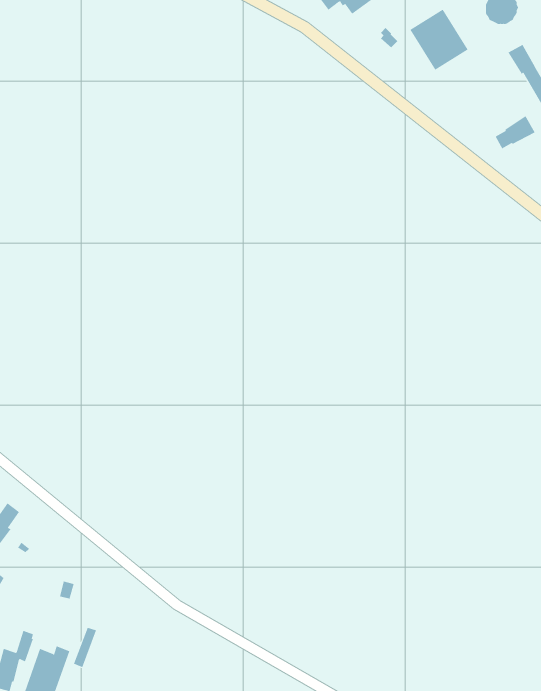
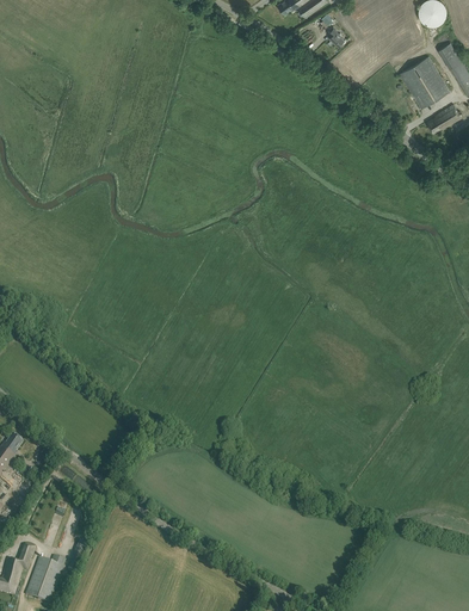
building: [410,9,469,70] -> [399,55,449,107]

